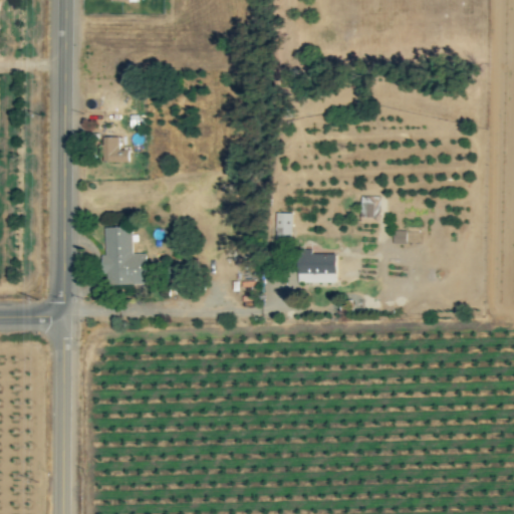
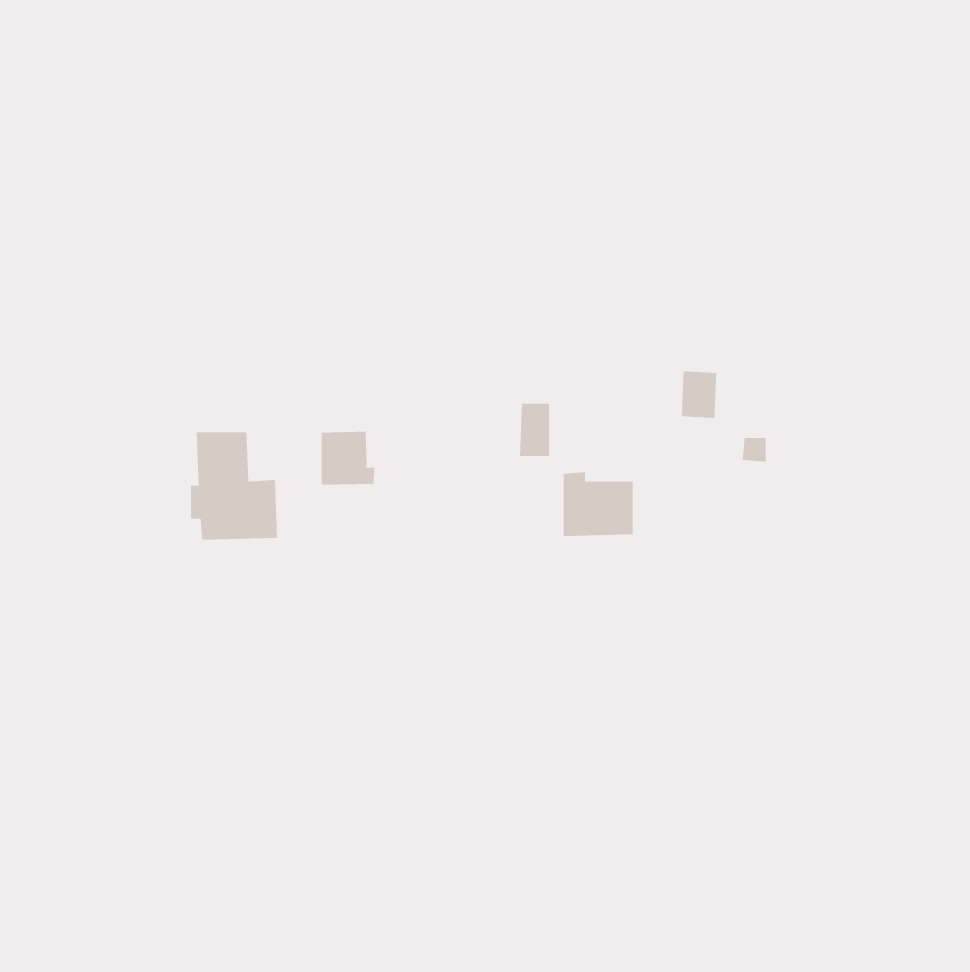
building: [102,137,128,163] -> none
building: none -> [321,431,375,486]

